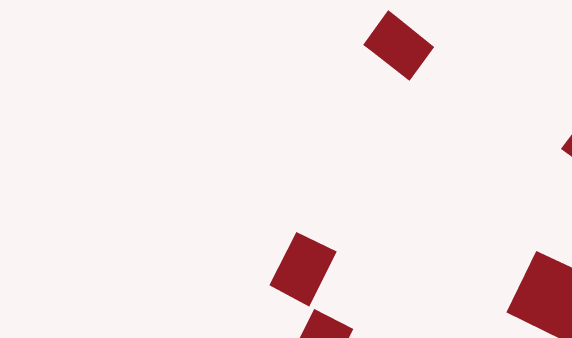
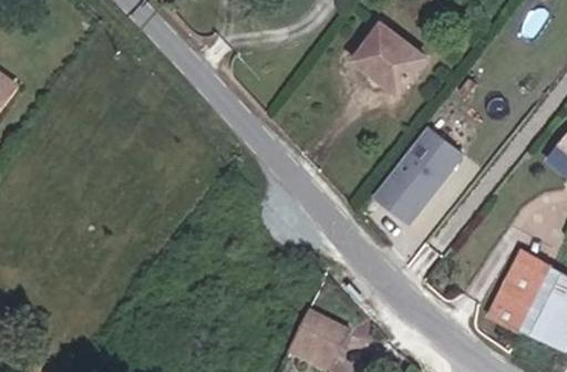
building: none -> [371,121,466,223]
building: [269,231,338,307] -> none

